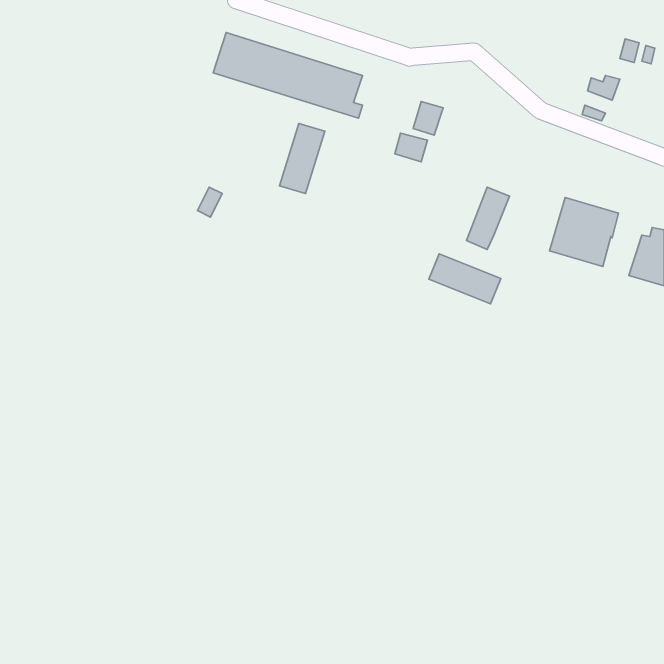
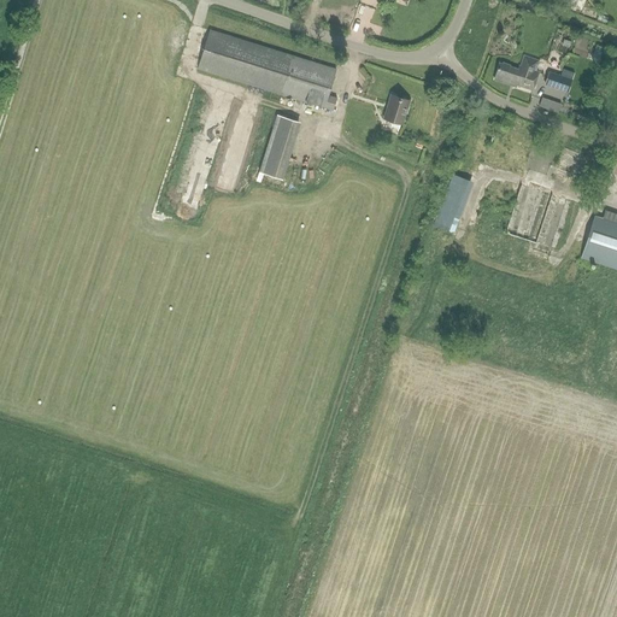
building: none -> [494,55,539,90]
building: [395,133,428,162] -> none
building: [429,254,501,304] -> none

